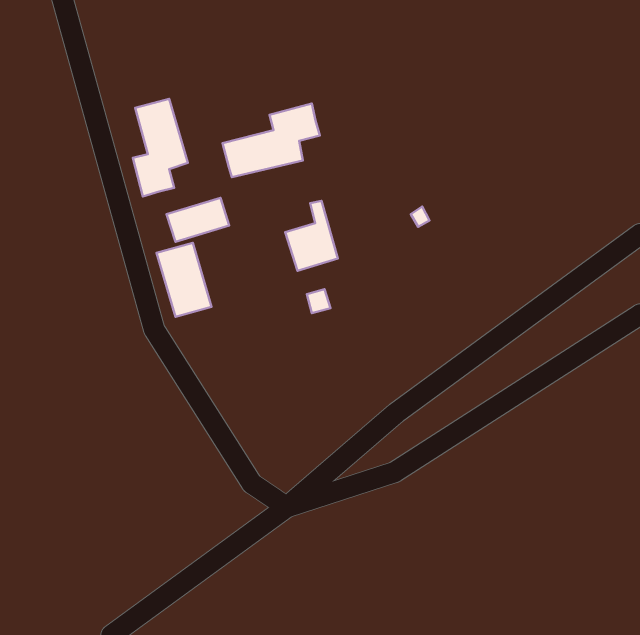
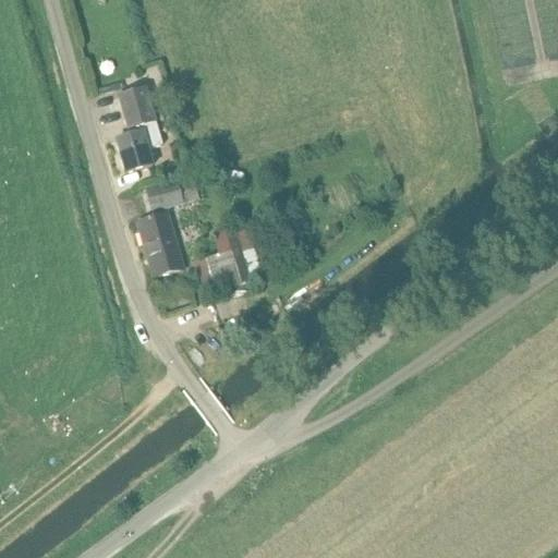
building: [223,104,320,177] -> none
building: [285,201,338,271] -> [205,228,251,289]

